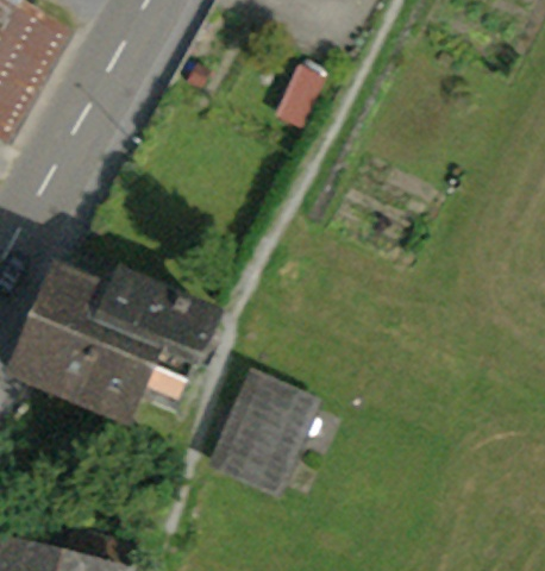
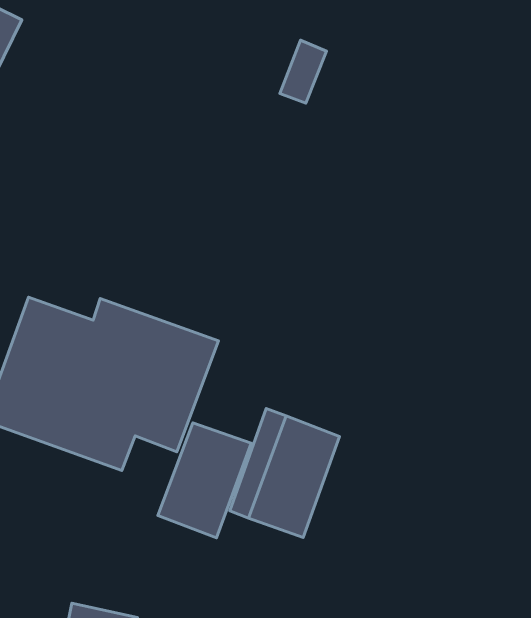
building: none -> [158,423,251,538]

